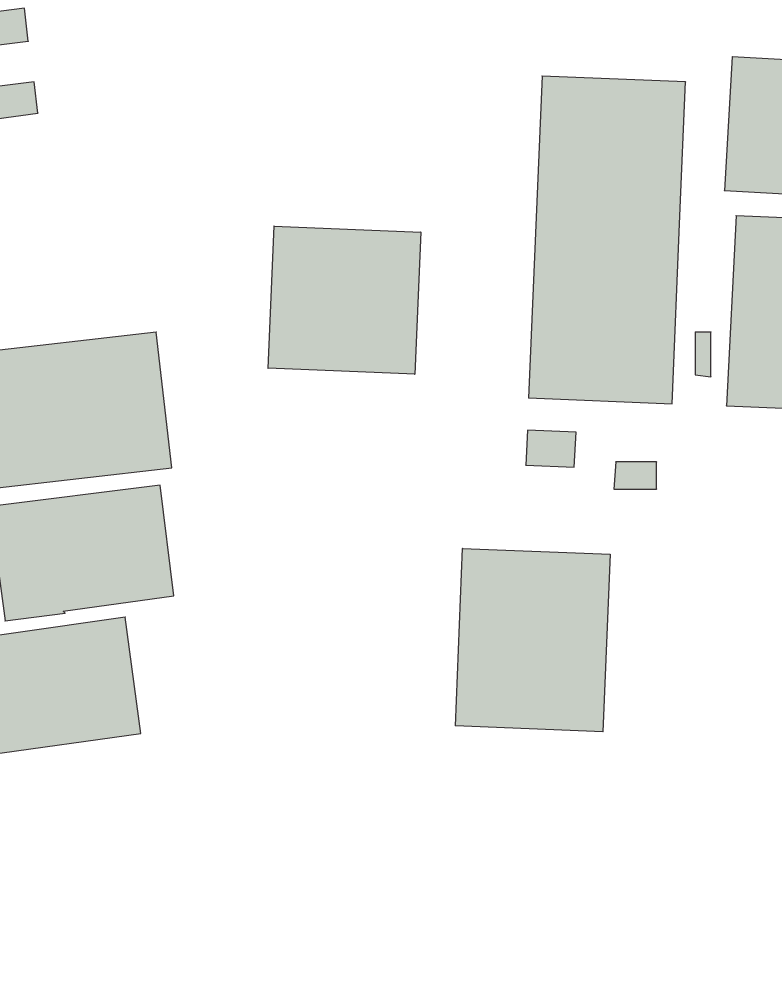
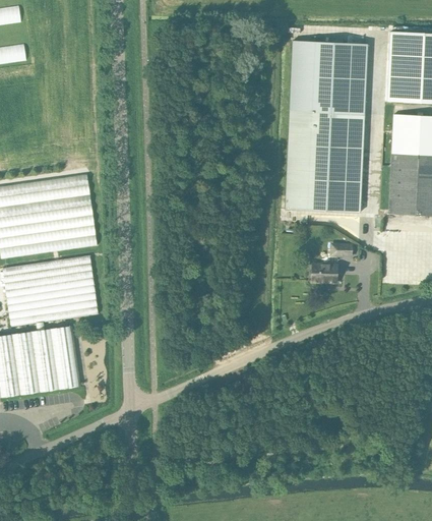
building: [268,226,421,374] -> none
building: [526,430,576,467] -> [310,264,336,283]
building: [455,548,610,732] -> none

